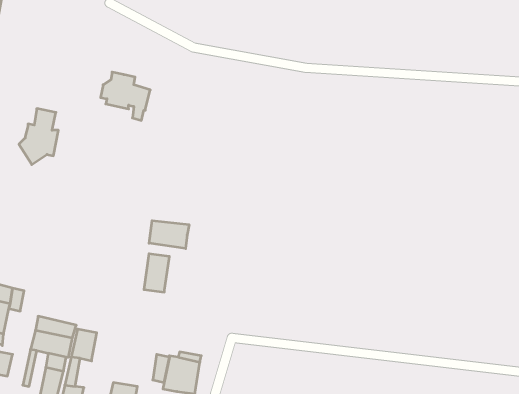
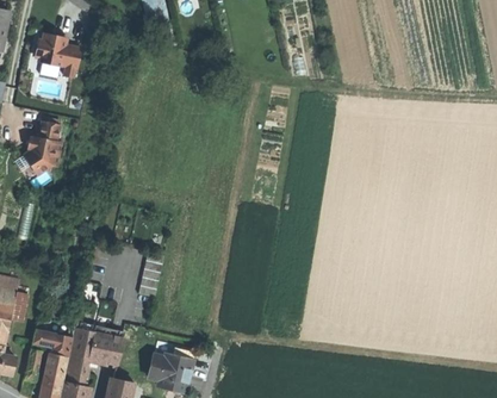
building: [101,72,150,120] -> [33,33,80,79]
building: [149,221,189,249] -> none
building: none -> [91,332,122,365]

